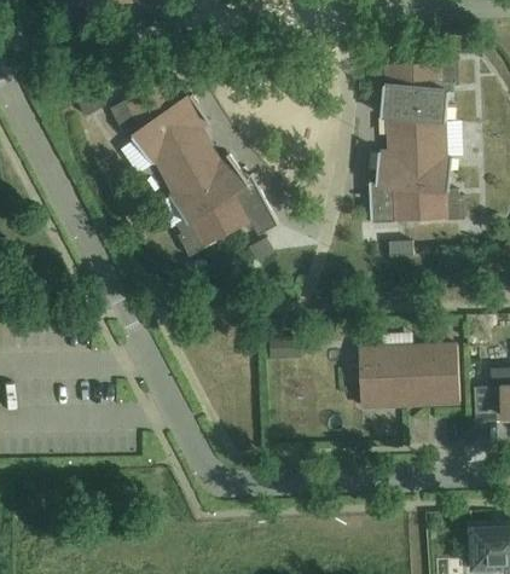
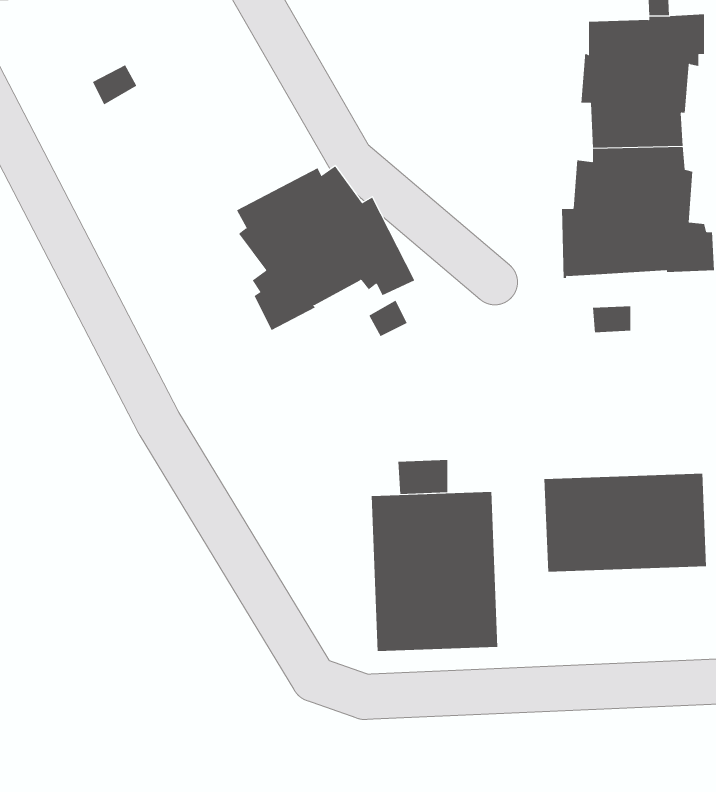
building: [110,75,218,181] -> none
building: none -> [371,491,498,652]

